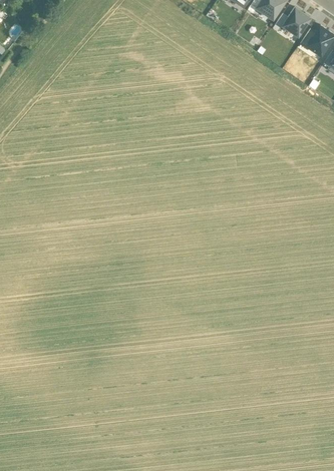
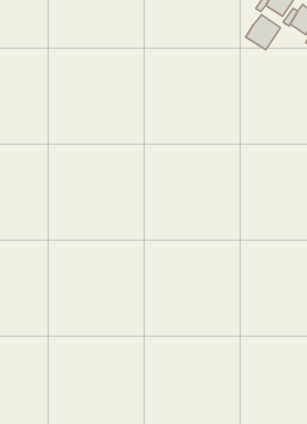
building: none -> [246,15,280,50]

